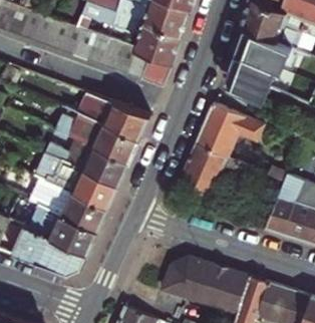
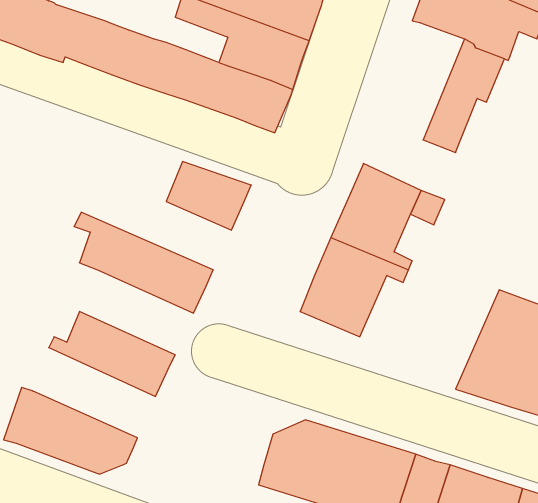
building: [223,27,269,92] -> none
building: [56,116,139,165] -> none
building: [48,165,118,212] -> none
building: [29,208,97,258] -> none

